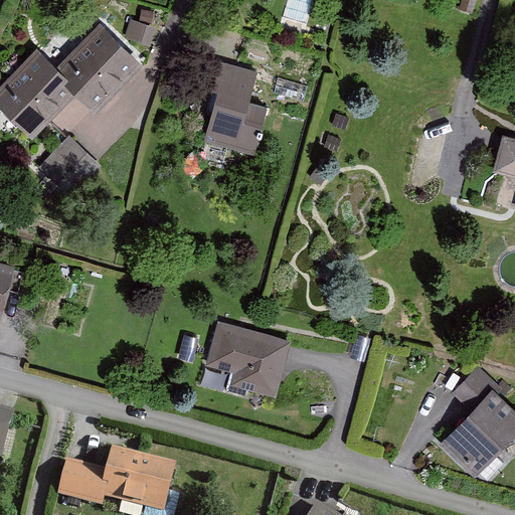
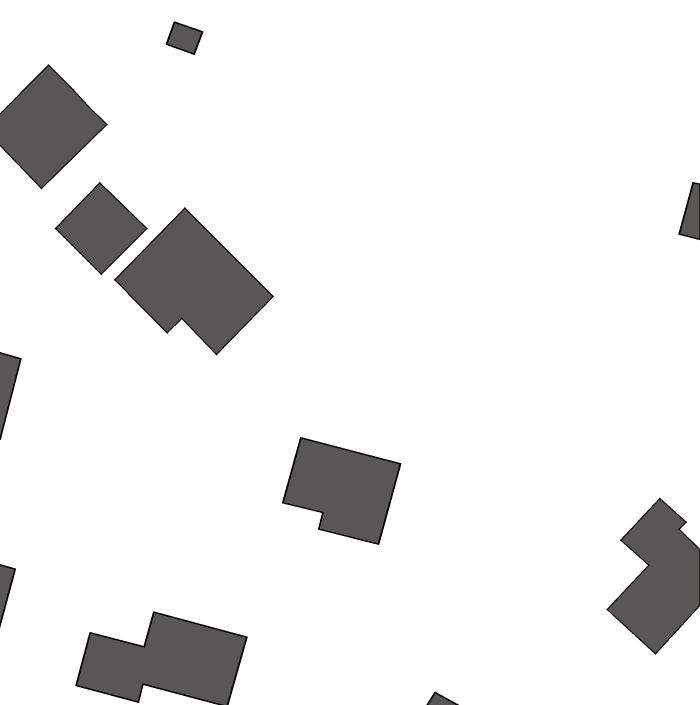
building: [53,21,142,109] -> none
building: [204,59,267,155] -> none
building: none -> [115,208,273,355]

